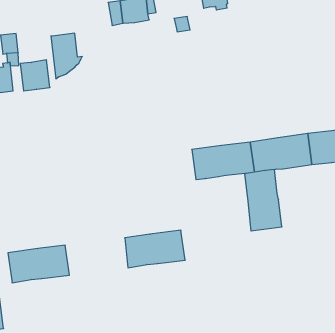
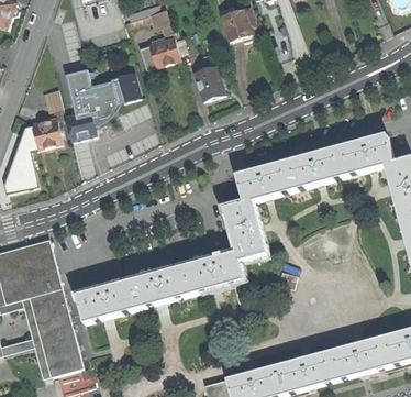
building: none -> [65,69,100,128]
building: none -> [111,73,140,103]
building: none -> [195,67,224,100]
building: [244,170,282,231] -> [225,201,267,262]
building: none -> [130,267,191,309]

